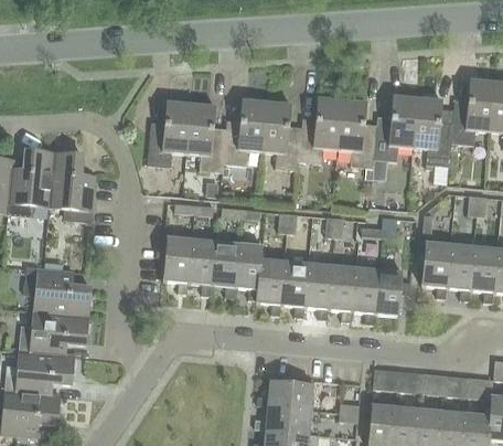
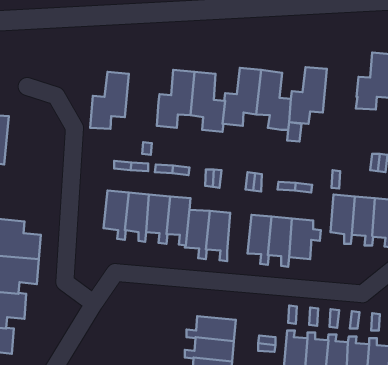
building: [413,97,452,164] -> none
building: [186,103,225,171] -> none
building: [49,151,94,221] -> none
building: [303,262,331,319] -> none

